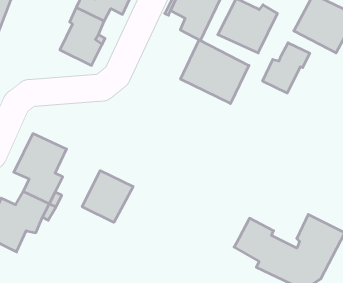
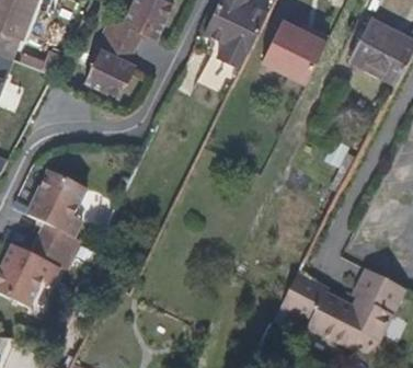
building: [181,40,249,104] -> none
building: [263,43,310,93] -> none
building: [82,171,133,222] -> none

